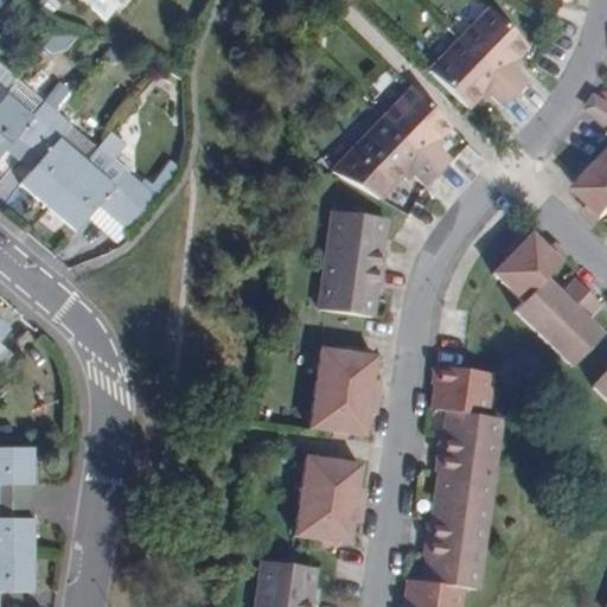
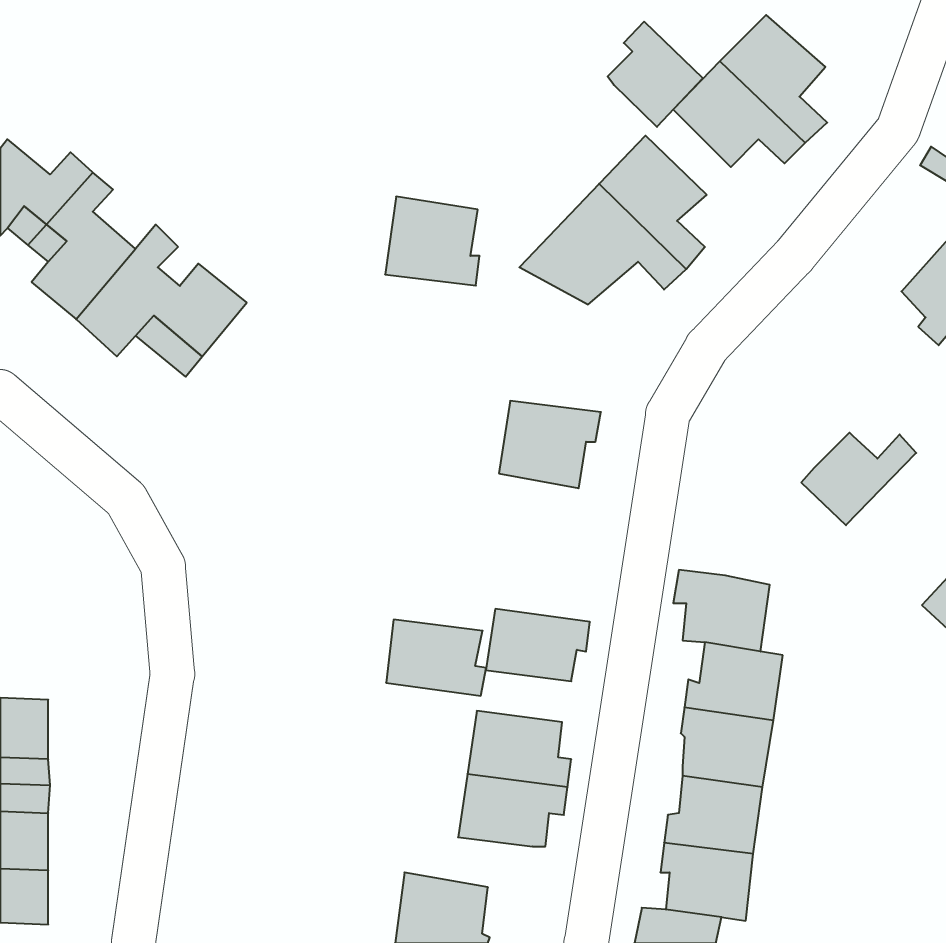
building: none -> [608,22,703,127]
building: [327,206,388,263] -> [385,197,480,286]
building: [496,234,569,299] -> none
building: [542,289,601,364] -> none
building: [318,349,382,397] -> [386,620,486,696]

